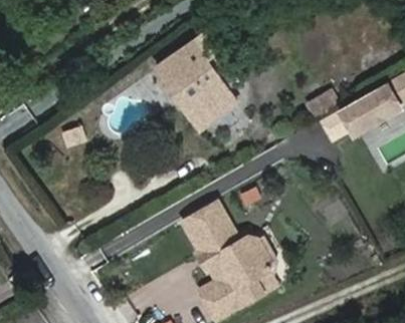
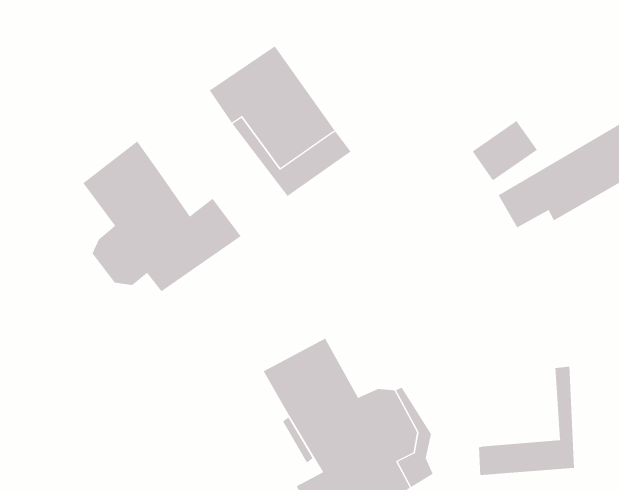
building: none -> [83,140,241,292]
building: none -> [478,366,574,476]

